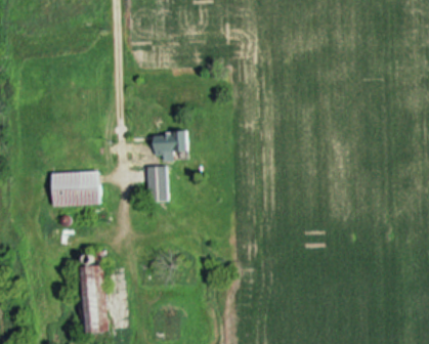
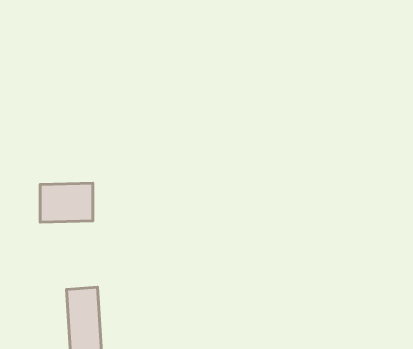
building: [155,132,186,158] -> none
building: [148,167,168,202] -> none

